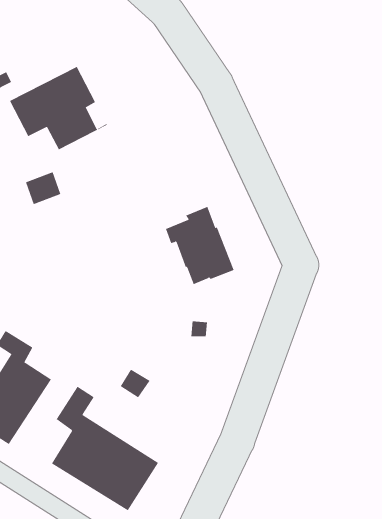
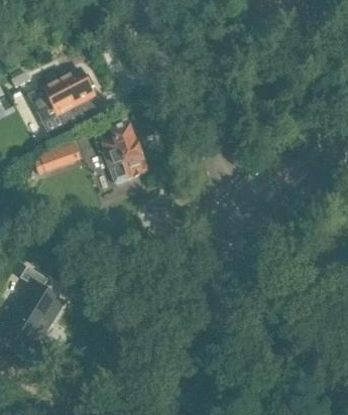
building: [165,206,234,285] -> [97,121,149,180]
building: [51,386,159,511] -> none

